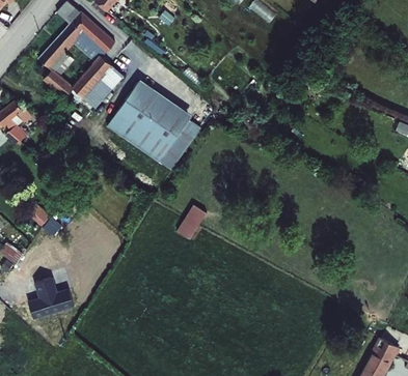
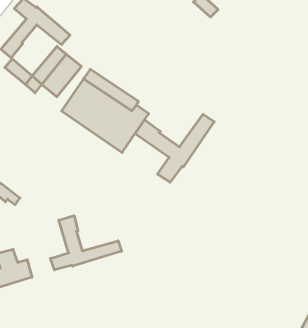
building: none -> [135,114,214,182]
building: [174,203,203,236] -> none
building: none -> [50,216,122,270]

